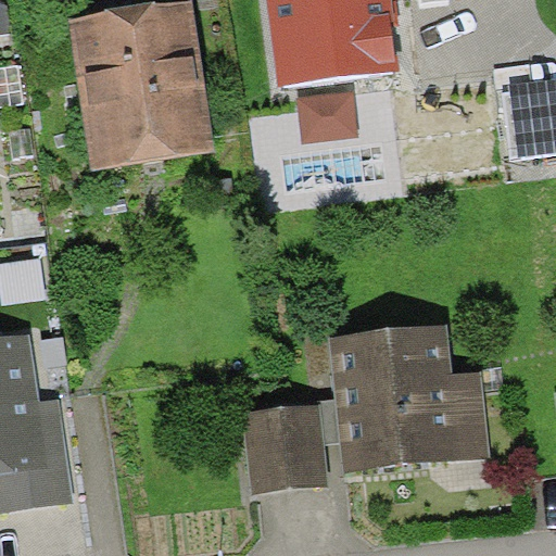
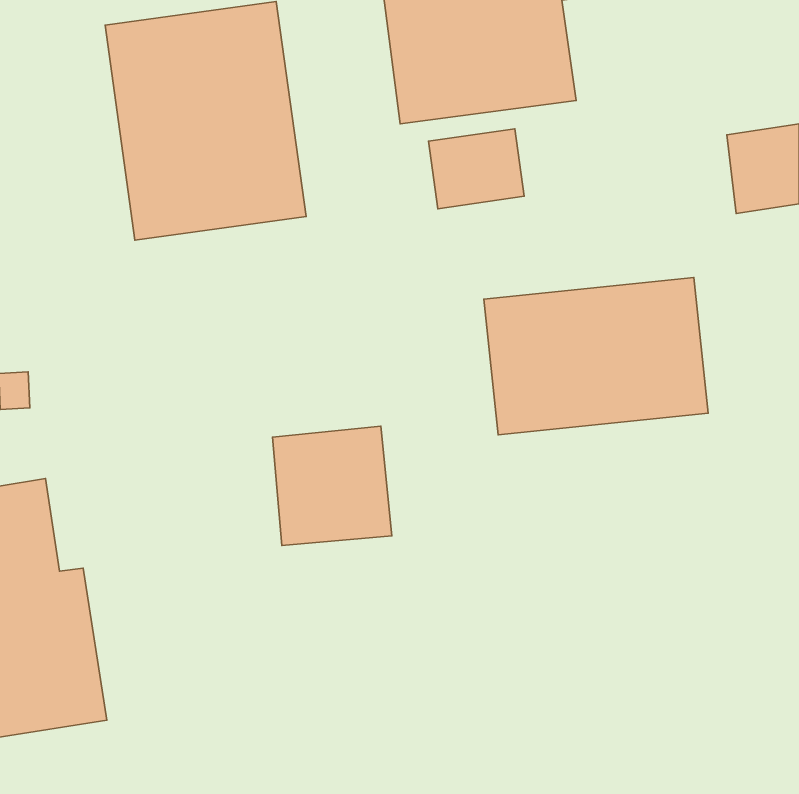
building: none -> [484,277,708,435]
building: [328,326,489,471] -> none
building: [241,404,324,486] -> [273,426,392,545]

